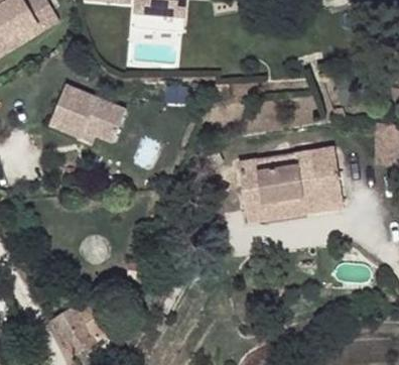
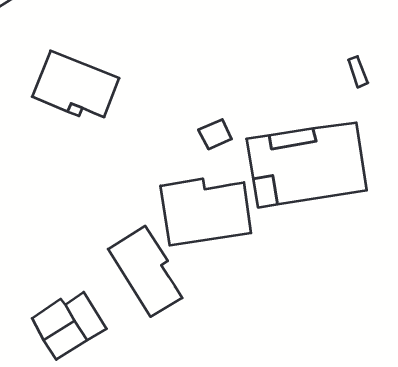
building: none -> [161,179,251,245]
building: none -> [108,226,182,317]

